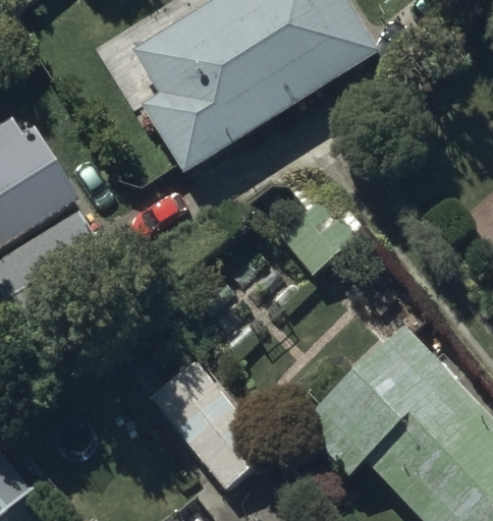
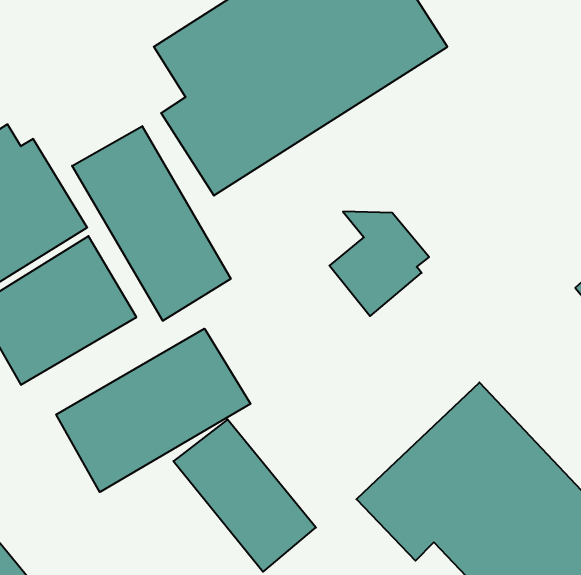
building: none -> [72,126,231,321]
building: none -> [56,329,251,492]

